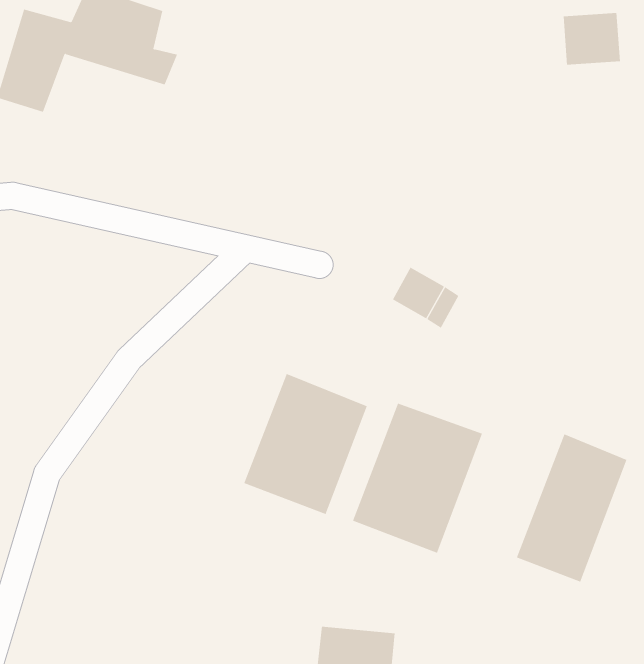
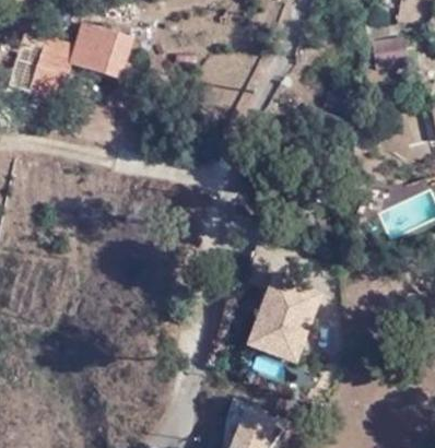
building: [244,373,367,515] -> none
building: [516,434,627,582] -> none

